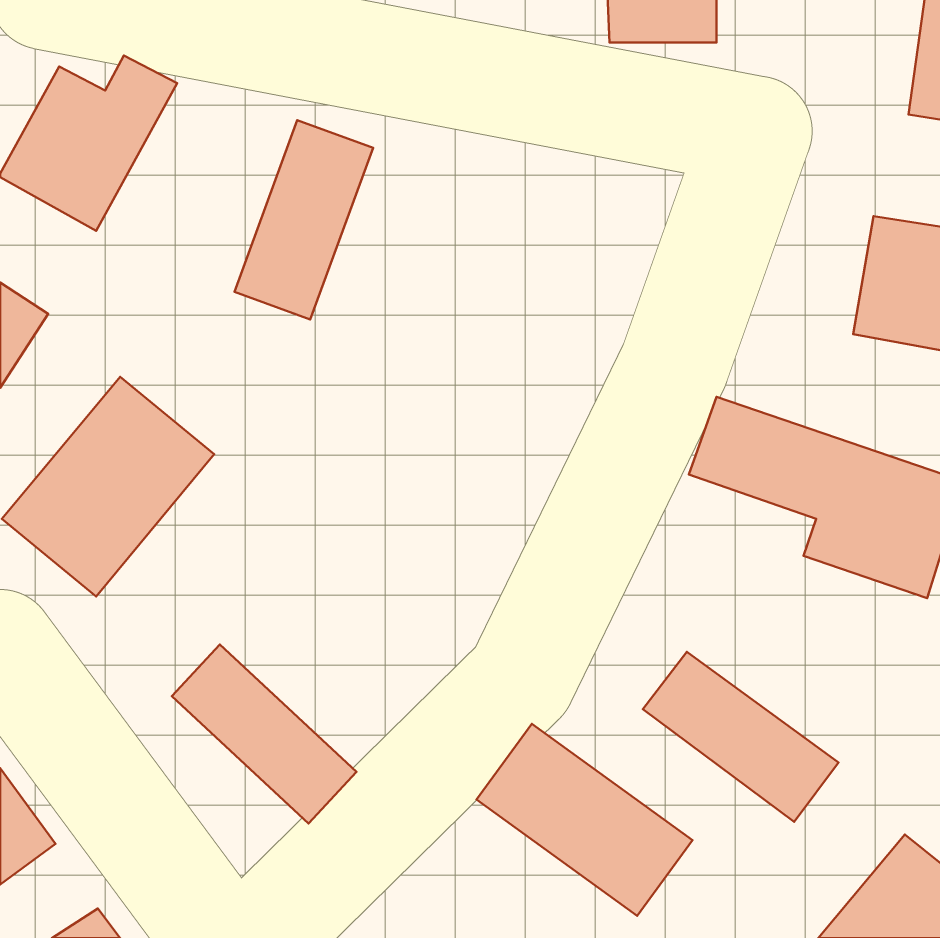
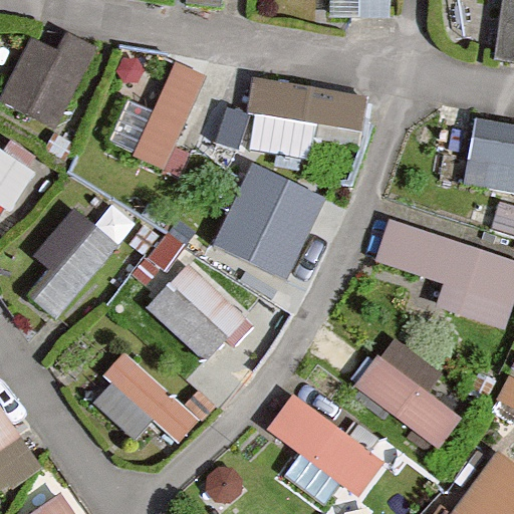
building: none -> [234,77,365,165]
building: none -> [216,161,328,277]
building: none -> [143,265,245,365]

